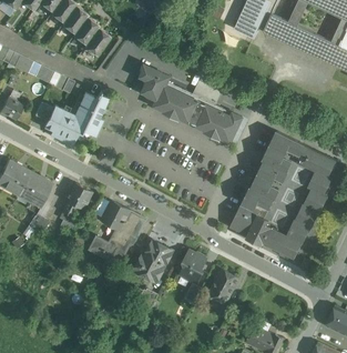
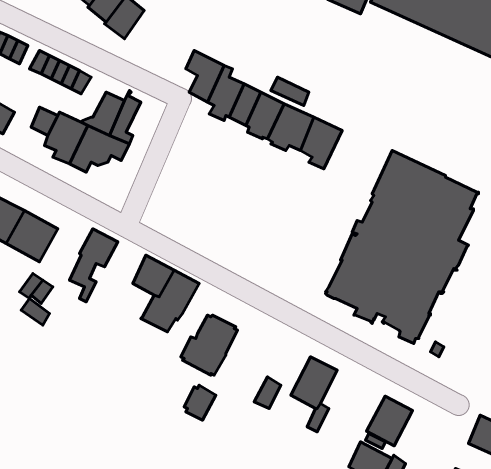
building: [89,235,125,264] -> none
building: [180,250,205,282] -> none
building: none -> [367,396,413,446]

